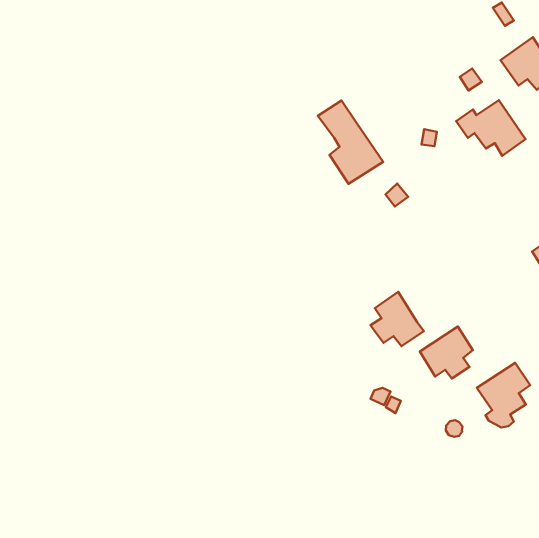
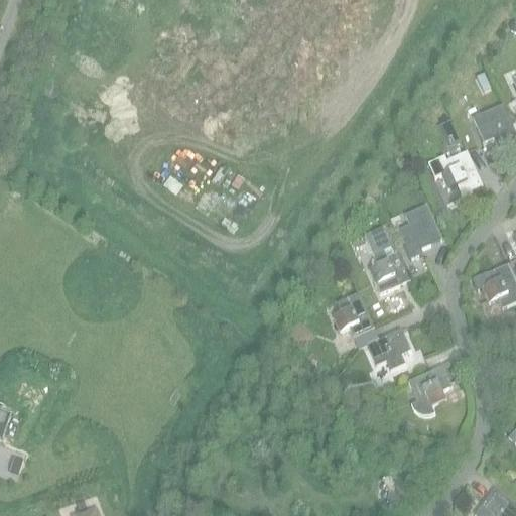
building: [318,100,383,184] -> [364,225,410,293]
building: none -> [398,205,440,258]

